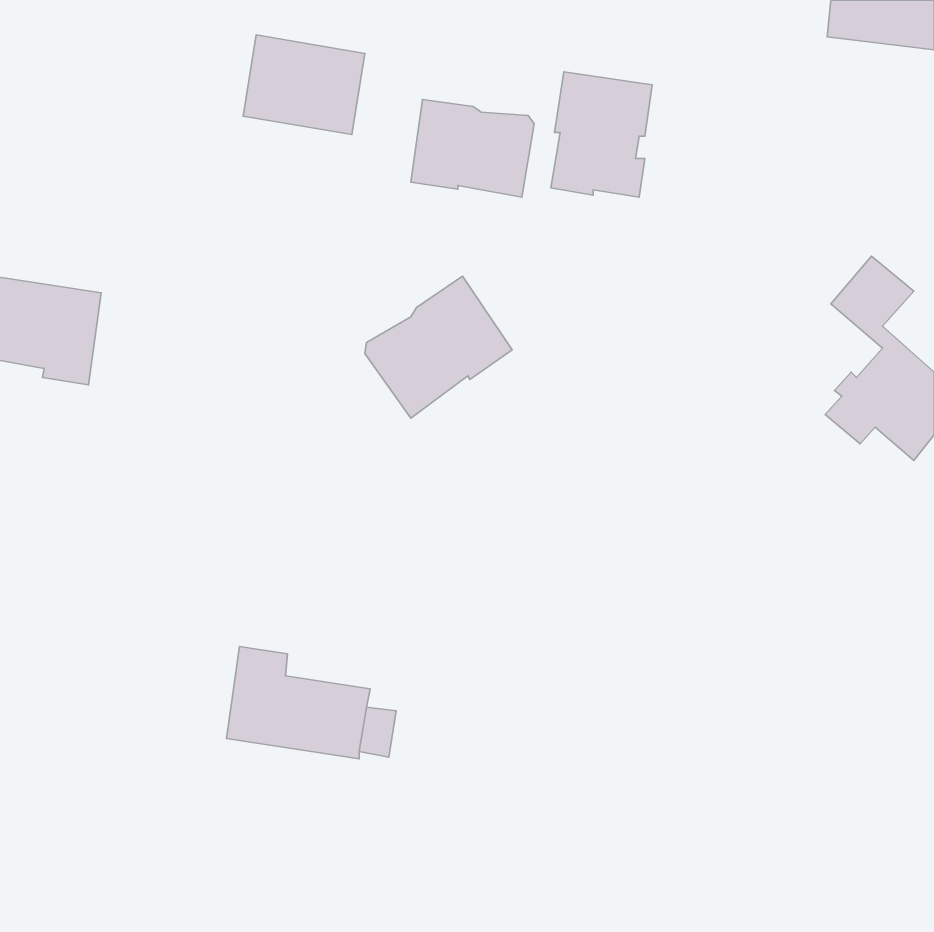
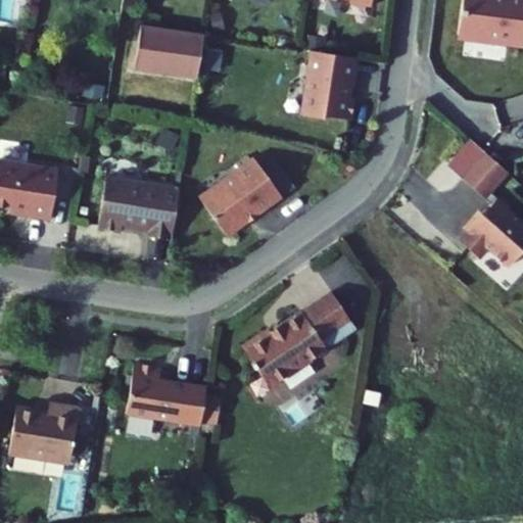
building: [411,99,534,197] -> none
building: none -> [96,176,179,238]
building: none -> [245,292,351,389]
building: none -> [8,403,78,464]

